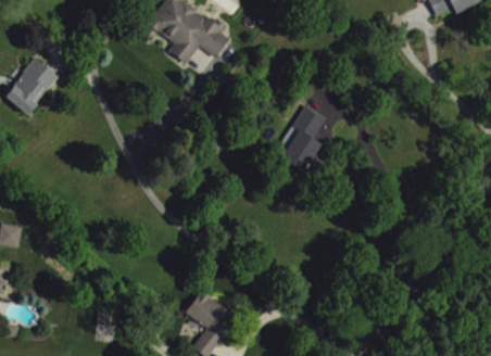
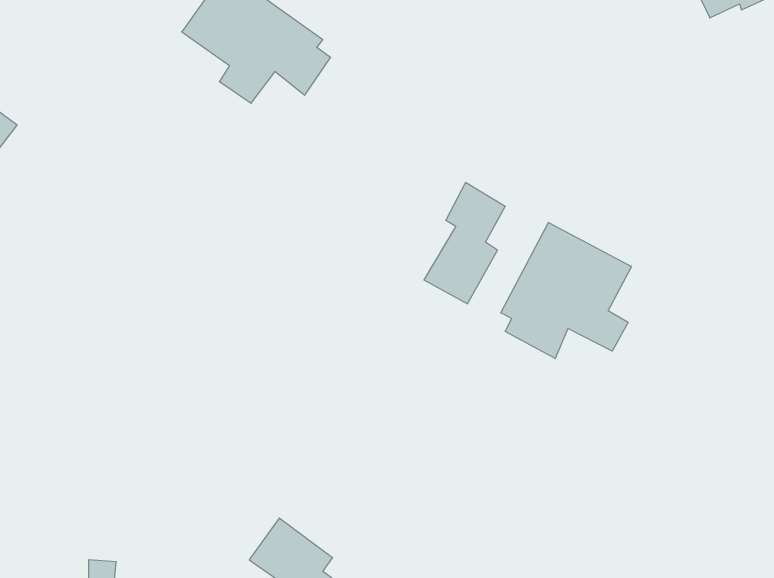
building: none -> [501,222,632,359]

